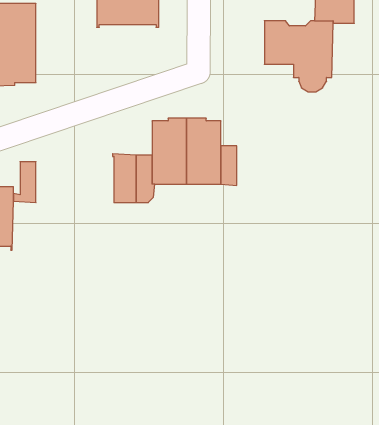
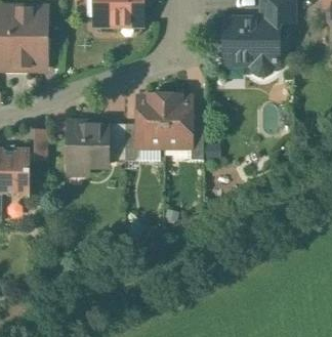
building: none -> [67,122,107,163]

